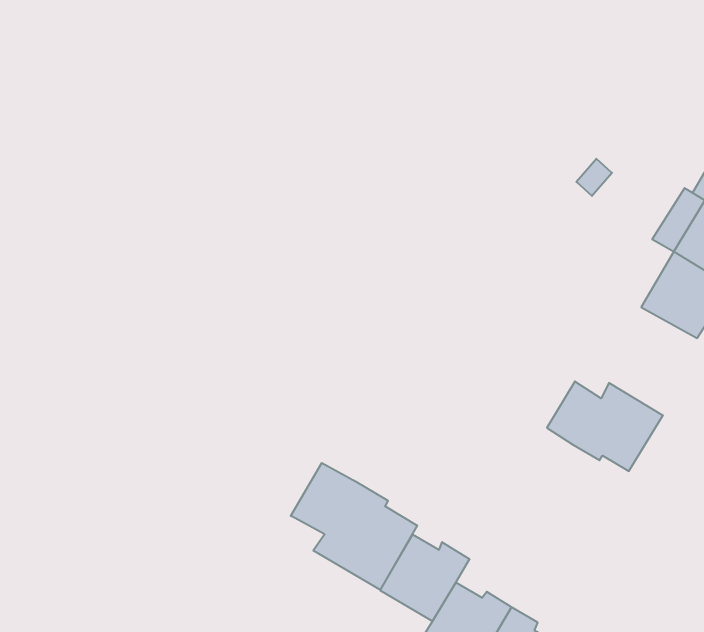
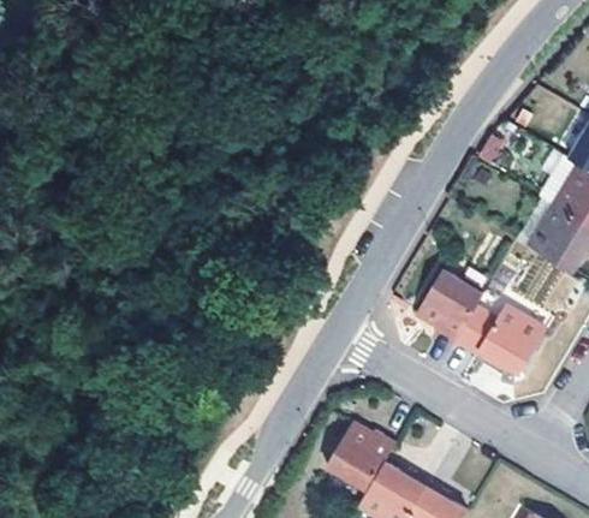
building: none -> [416,269,483,341]
building: [291,463,417,590] -> none

